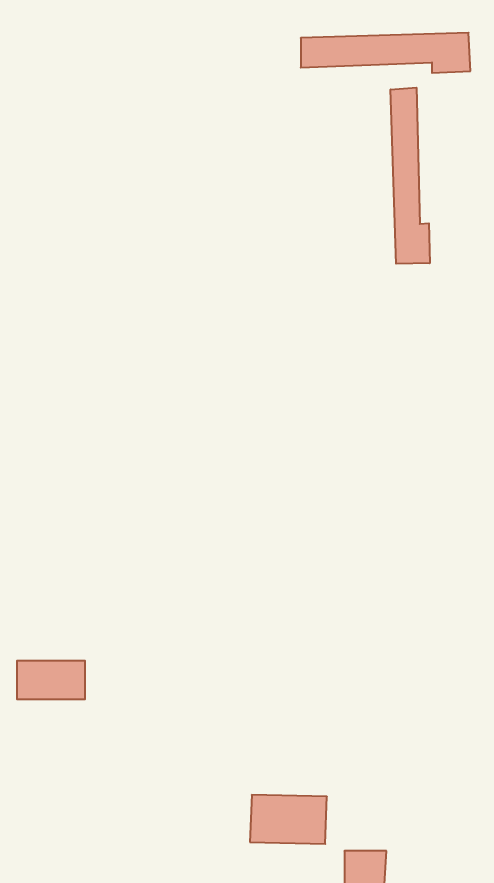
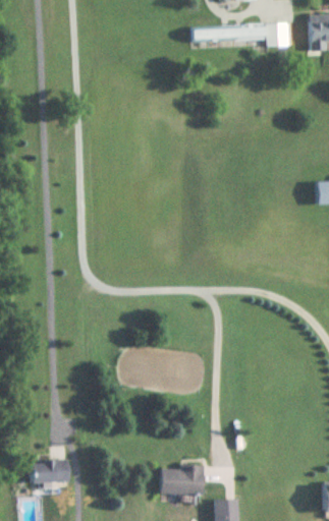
building: [391,88,430,264] -> none
building: [17,661,85,699] -> [30,460,69,482]

